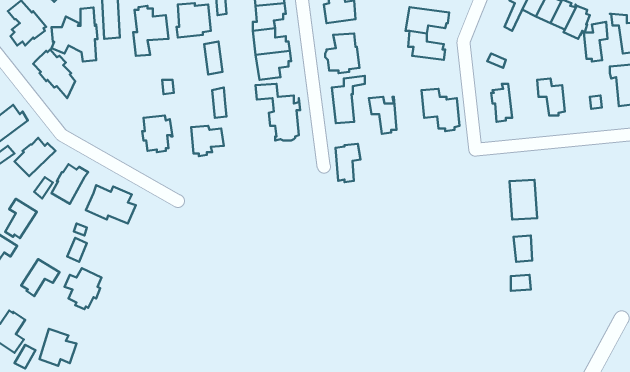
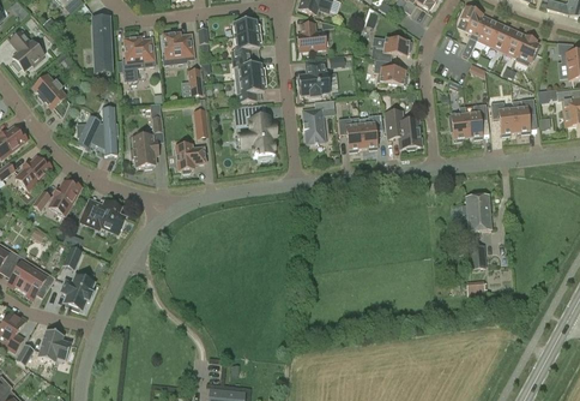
building: [51,7,97,61] -> [75,106,117,155]
building: [584,22,608,61] -> [513,97,534,133]
building: none -> [464,103,487,138]
building: [335,144,360,182] -> [360,114,382,149]
building: [5,199,37,238] -> [7,253,36,289]

